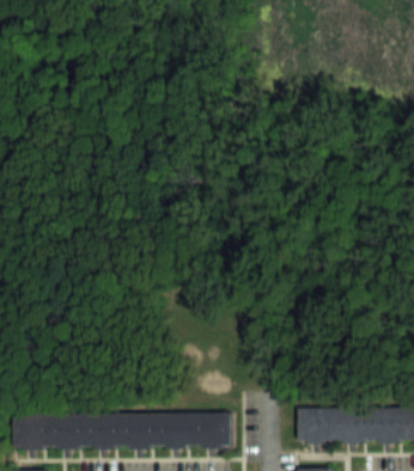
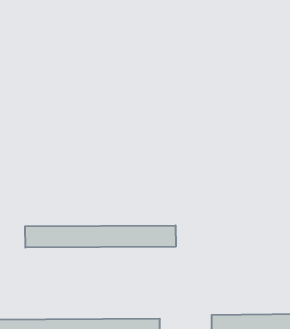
building: none -> [25,225,176,248]

